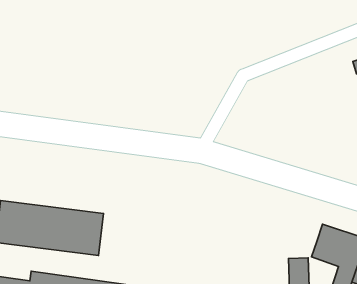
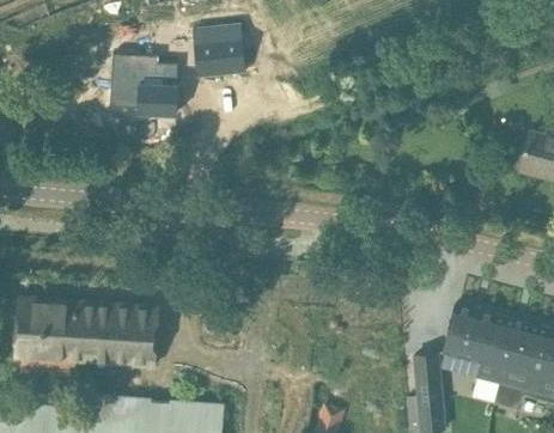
building: none -> [191,26,245,79]
building: none -> [109,56,177,116]

